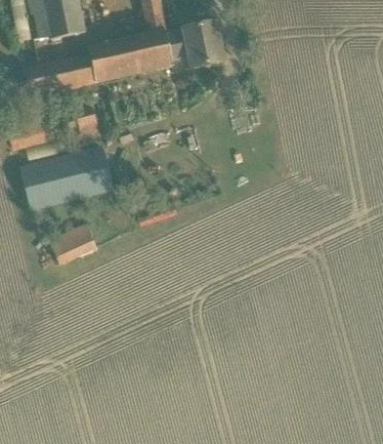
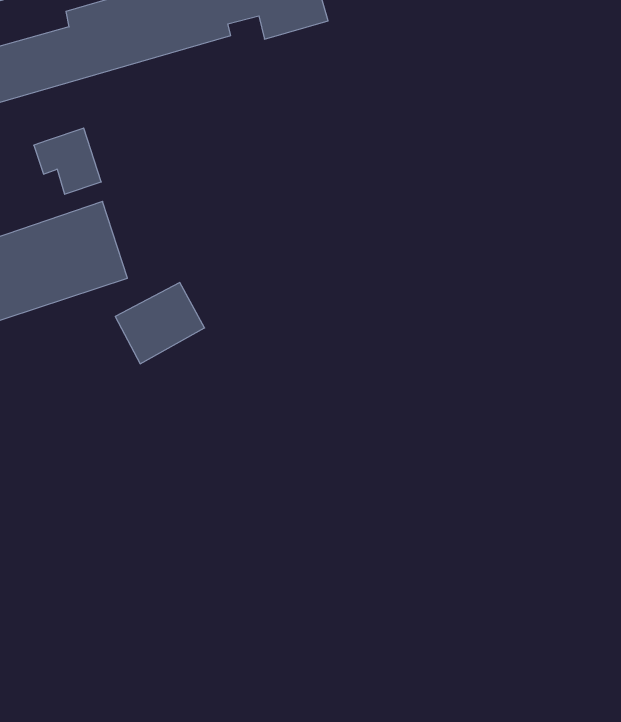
building: [50,225,96,266] -> [115,283,205,364]

